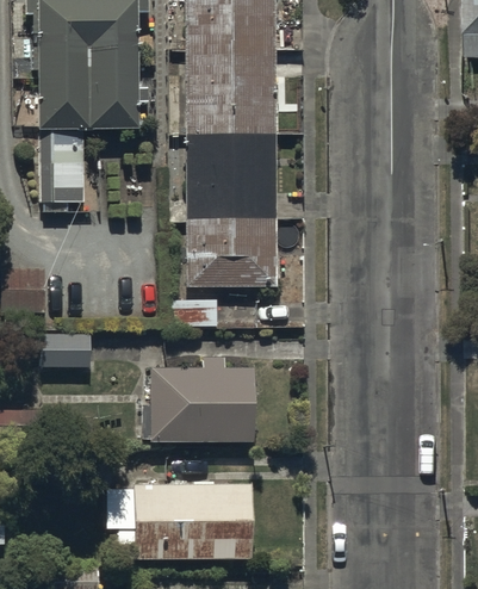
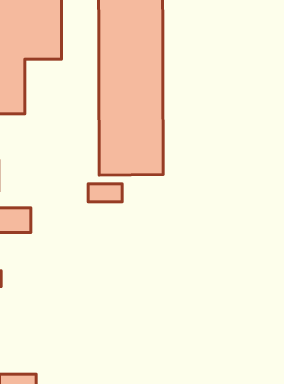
building: [149,355,253,439] -> none
building: [106,483,250,557] -> none

